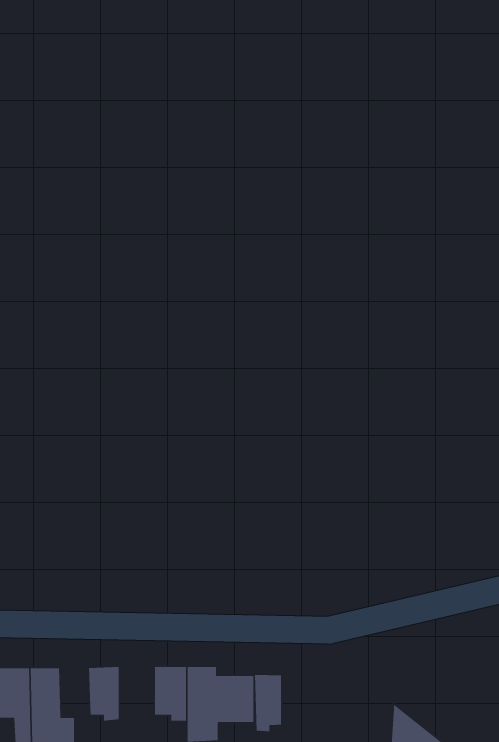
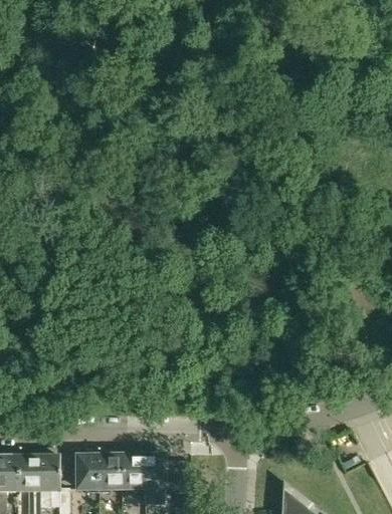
building: none -> [101,455,124,491]
building: [254,674,282,732] -> none

